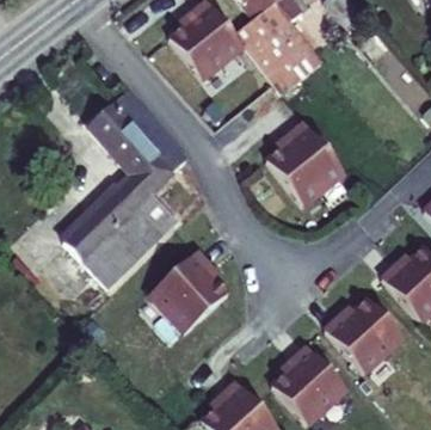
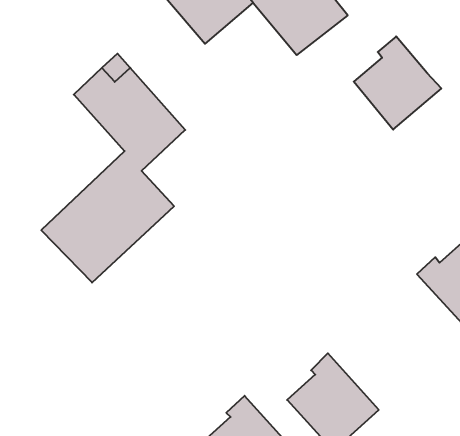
building: [271,123,345,202] -> [354,36,441,130]
building: [149,247,227,330] -> none
building: [324,295,401,369] -> none

